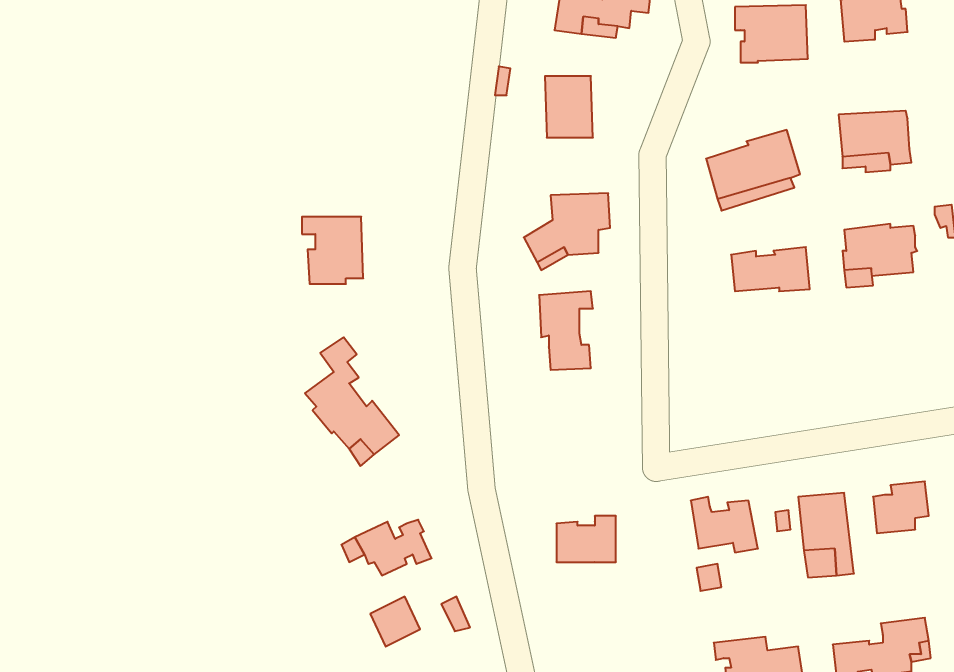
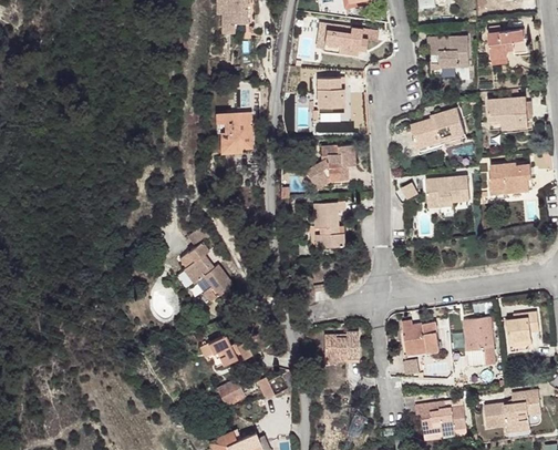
building: [302,217,363,284] -> [216,113,251,152]

